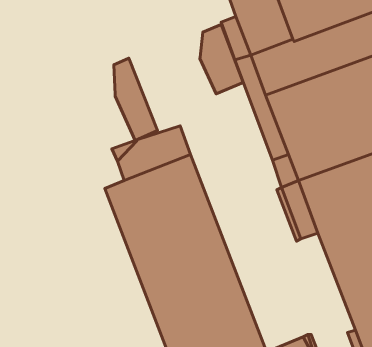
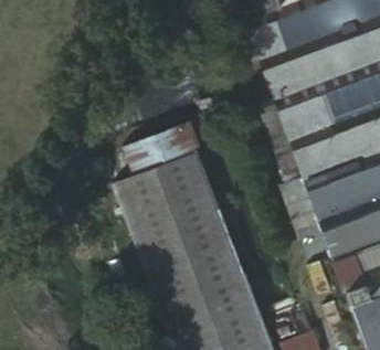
building: [200,24,243,94] -> none
building: [114,58,157,141] -> none

